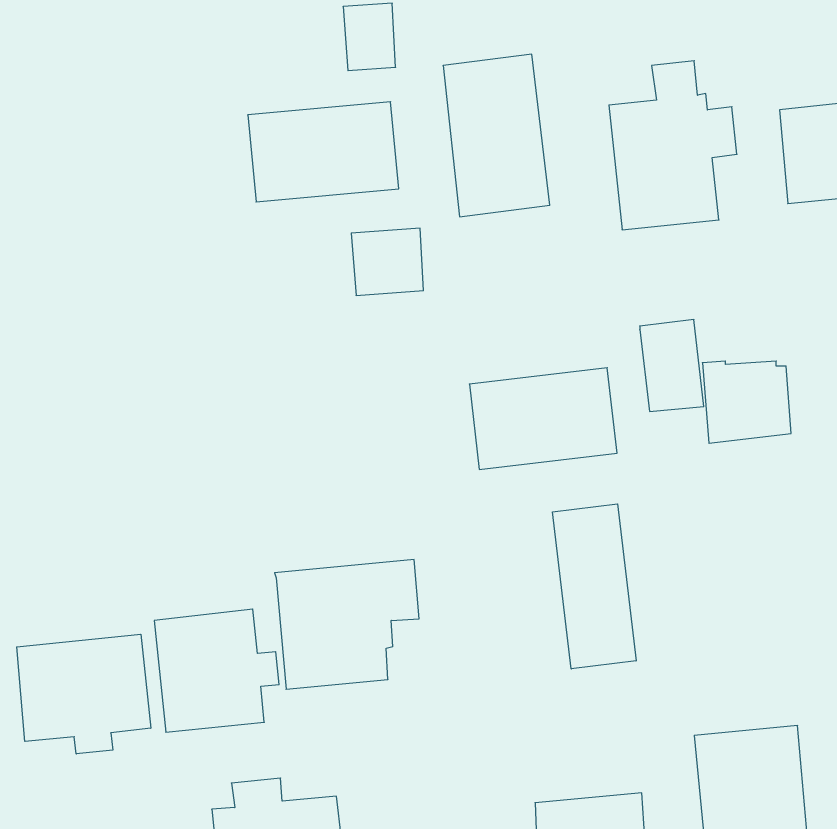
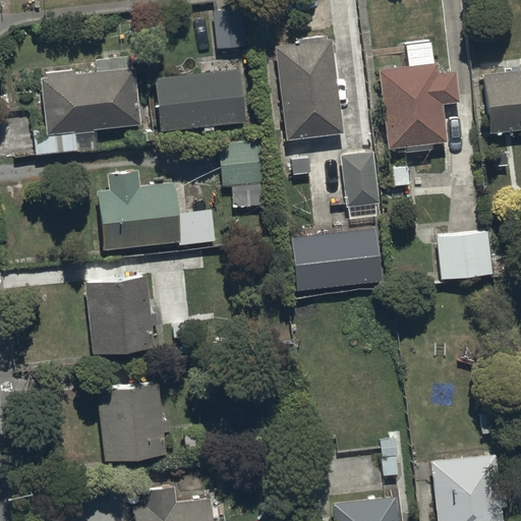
building: none -> [33,69,138,157]
building: none -> [97,171,180,250]
building: [640,320,704,411] -> [340,152,380,209]
building: [553,504,636,669] -> none
building: [275,560,419,689] -> [83,273,173,353]
building: [17,634,151,754] -> none

